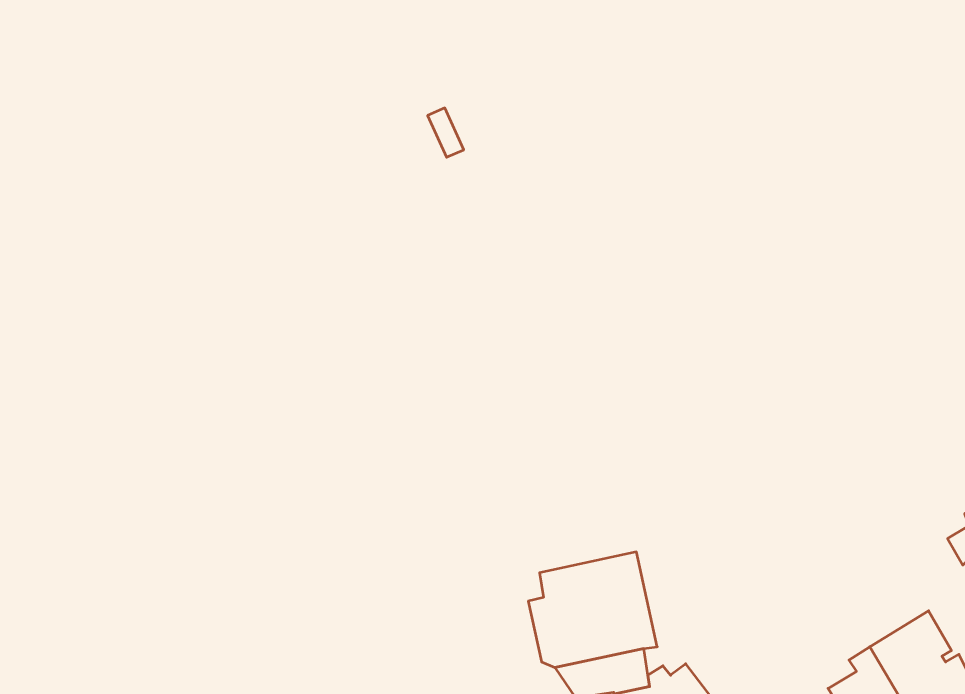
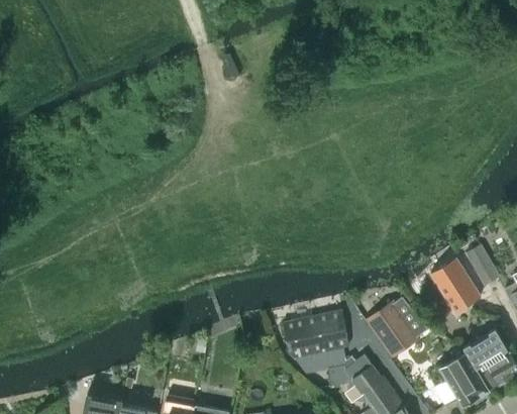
building: none -> [463,244,499,287]
building: none -> [428,253,482,312]
building: none -> [369,297,426,356]

